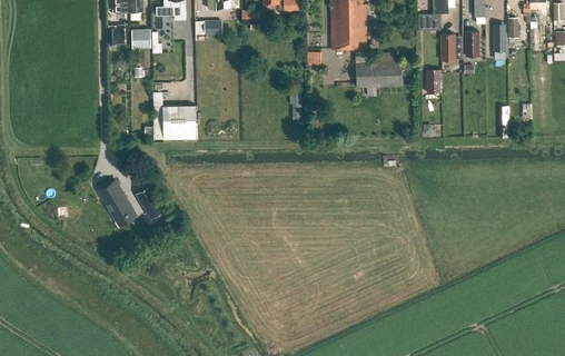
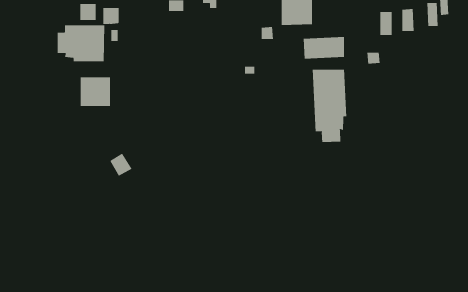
building: none -> [57,25,105,62]
building: none -> [312,69,347,143]
building: [162,106,197,139] -> [80,77,111,107]
building: [98,180,133,219] -> none

